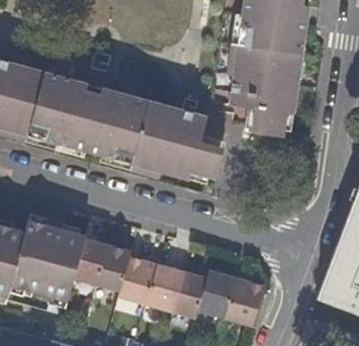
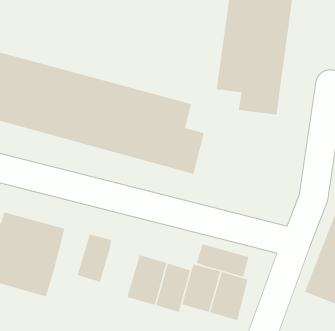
building: [74,238,107,283] -> none
building: none -> [196,243,249,277]
building: [116,256,156,305] -> none

